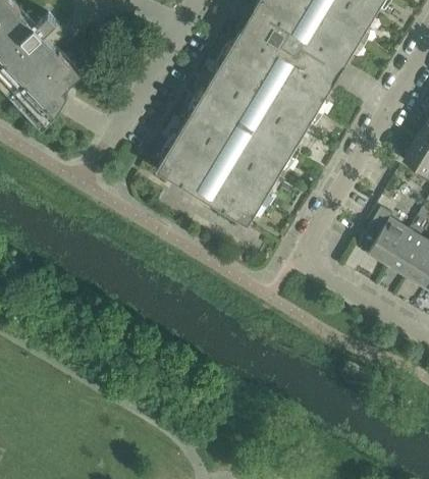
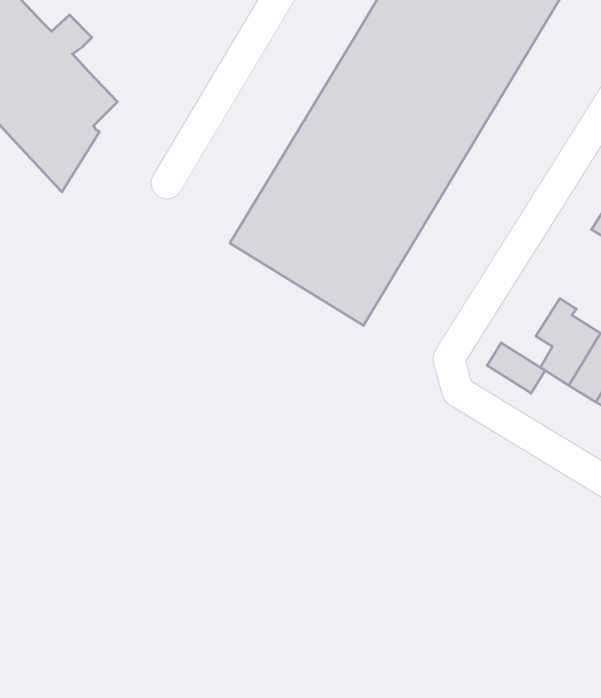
building: none -> [487,343,545,393]

